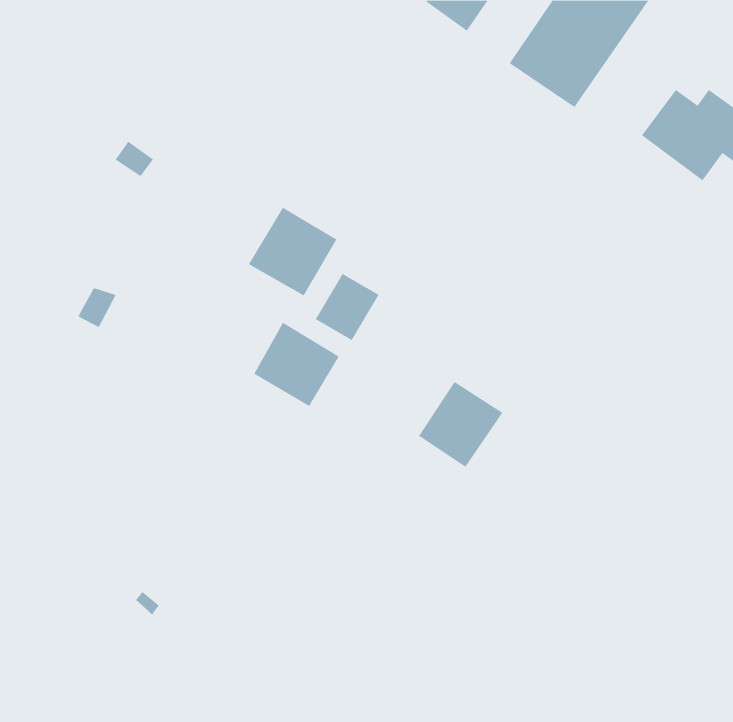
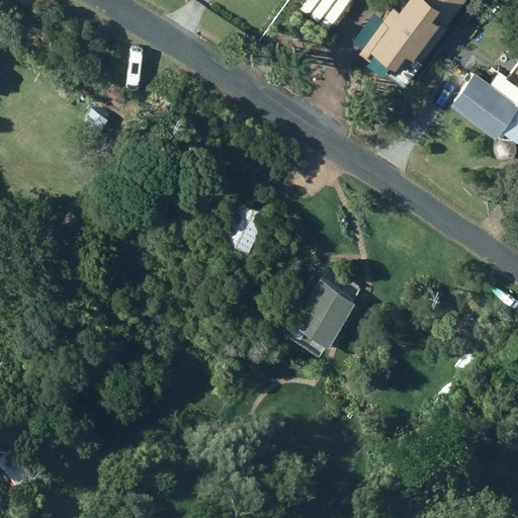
building: [248,207,337,296] -> none
building: [254,322,339,407] -> none

